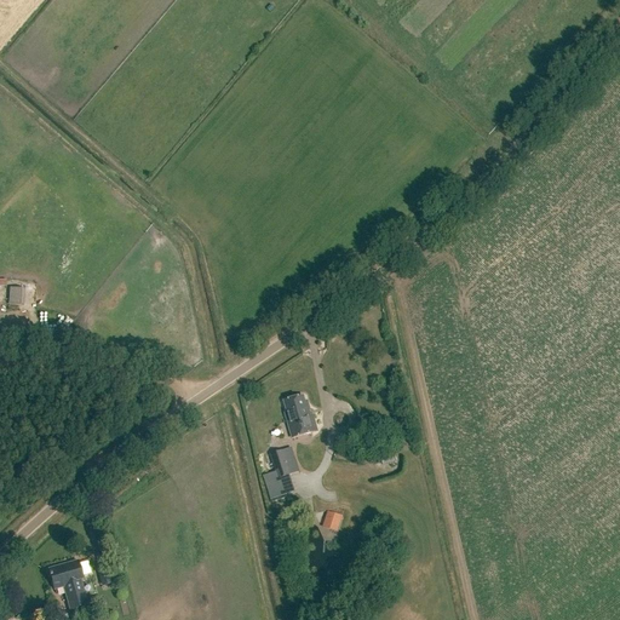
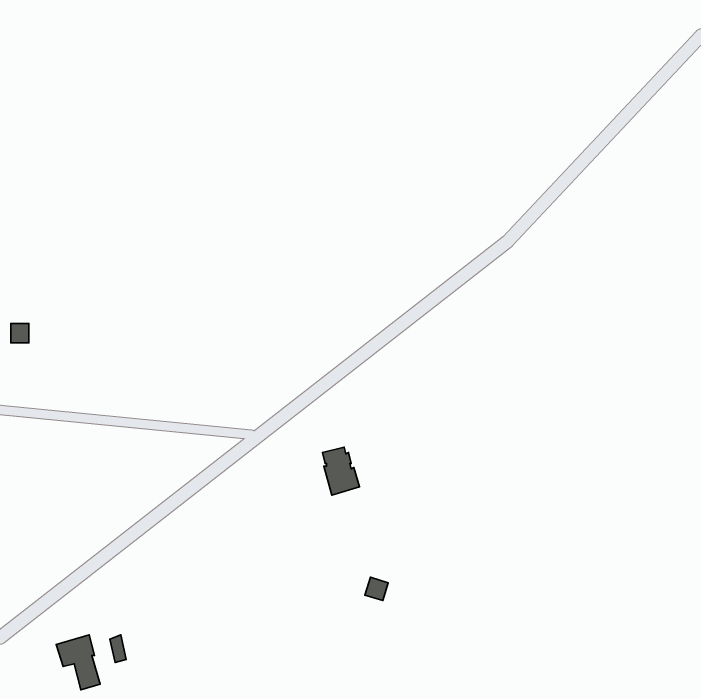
building: [262,447,295,499] -> none

